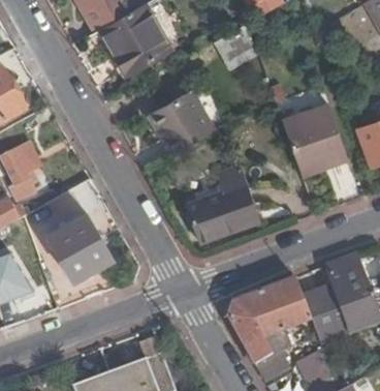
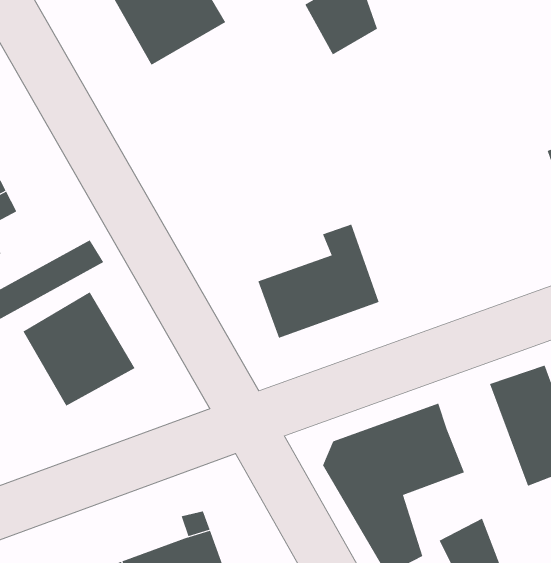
building: [151,94,215,154] -> none
building: [282,103,349,168] -> none
building: [300,282,346,342] -> none

